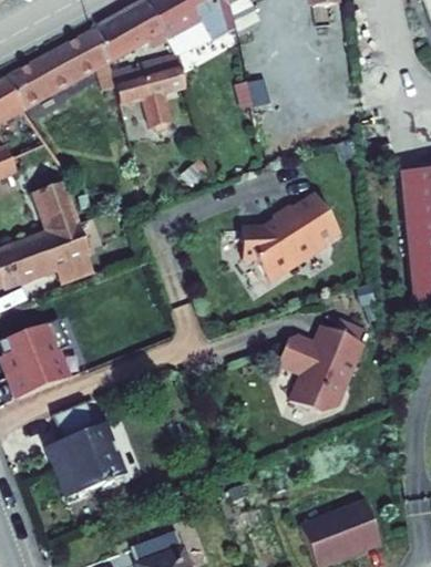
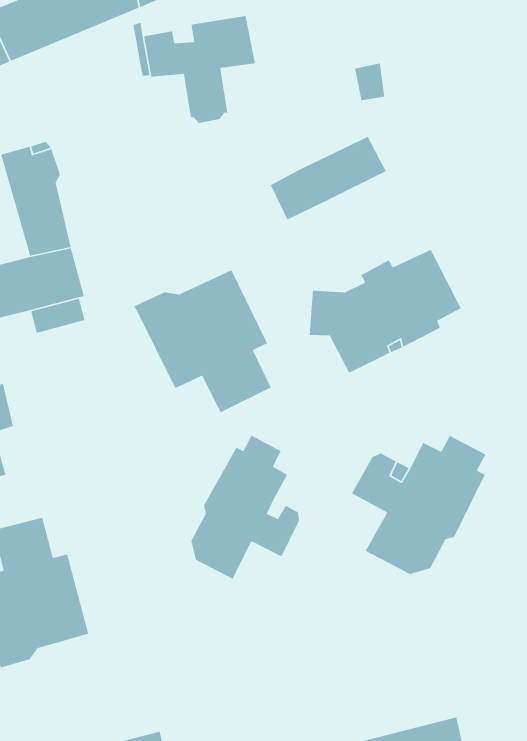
building: none -> [270,136,387,221]
building: none -> [134,269,272,413]
building: none -> [190,435,300,580]

